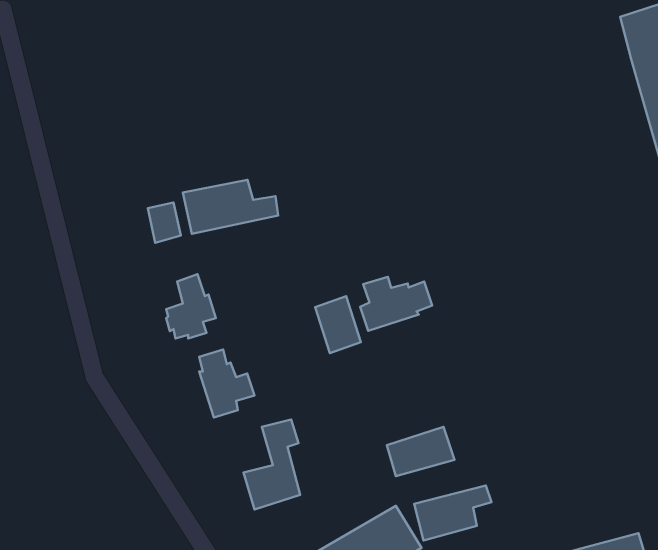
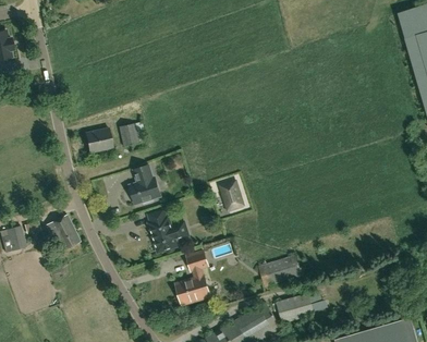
building: [183,180,278,234] -> none
building: none -> [85,127,112,152]
building: [360,277,432,331] -> none
building: none -> [46,215,81,252]

